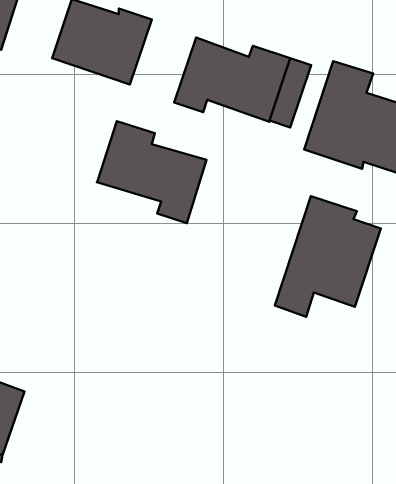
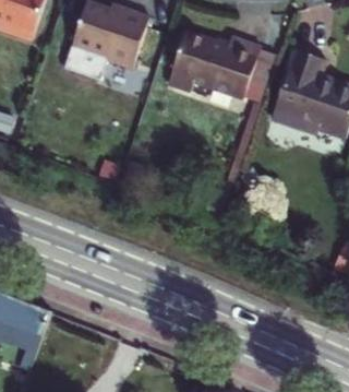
building: [97,121,207,223] -> none
building: [275,196,381,317] -> none

